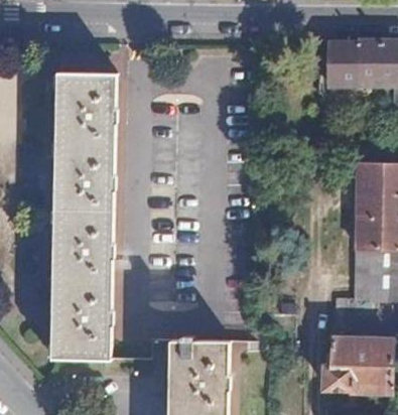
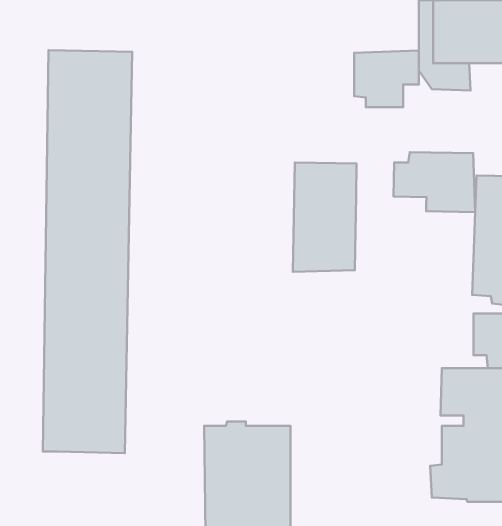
building: none -> [354,51,419,107]
building: none -> [393,152,475,212]
building: none -> [293,163,357,272]

